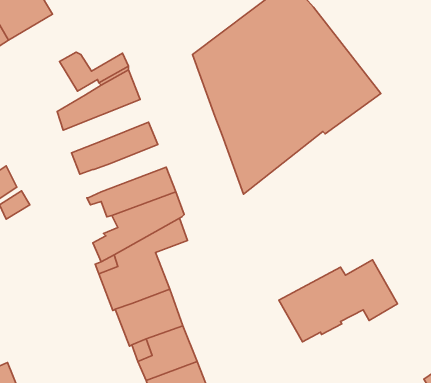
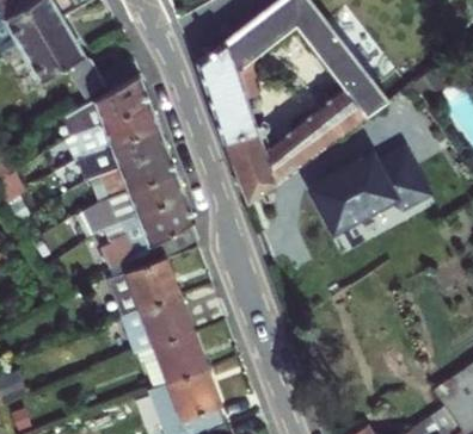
building: none -> [17,20,85,86]
building: none -> [68,106,158,161]
building: none -> [102,151,176,199]
building: [279,260,398,342] -> [309,150,429,232]

